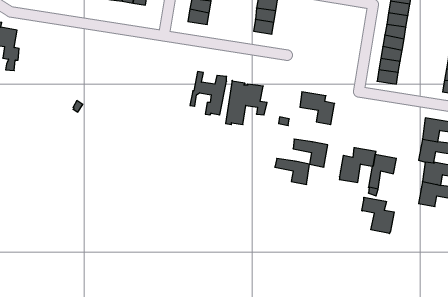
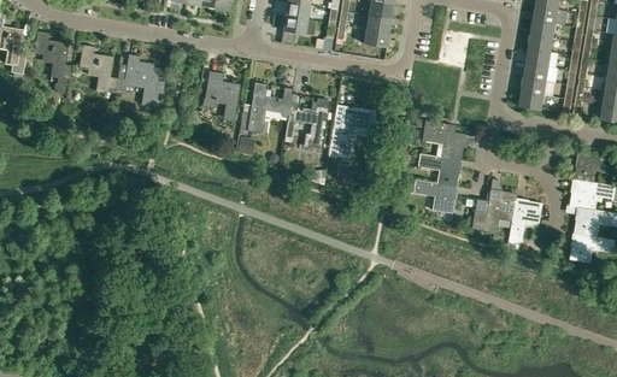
building: none -> [80,45,113,92]
building: none -> [117,54,165,106]
building: none -> [204,71,240,120]
building: none -> [247,83,294,135]
building: [275,158,309,184] -> [417,153,460,185]
building: [362,197,394,234] -> none

